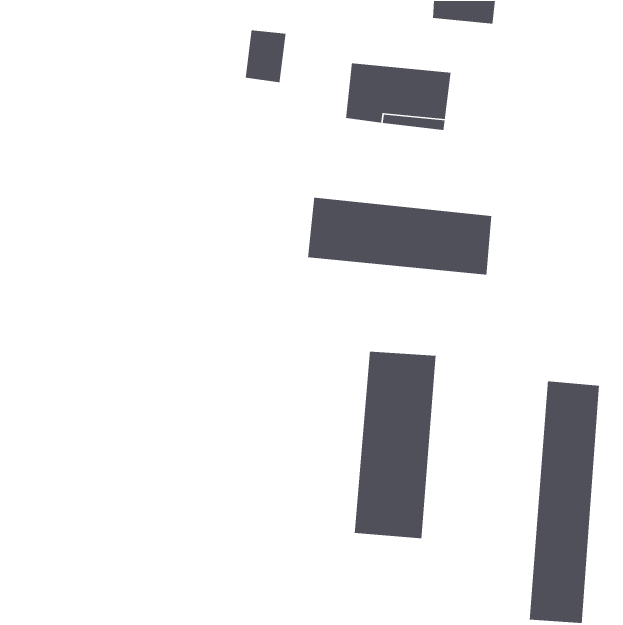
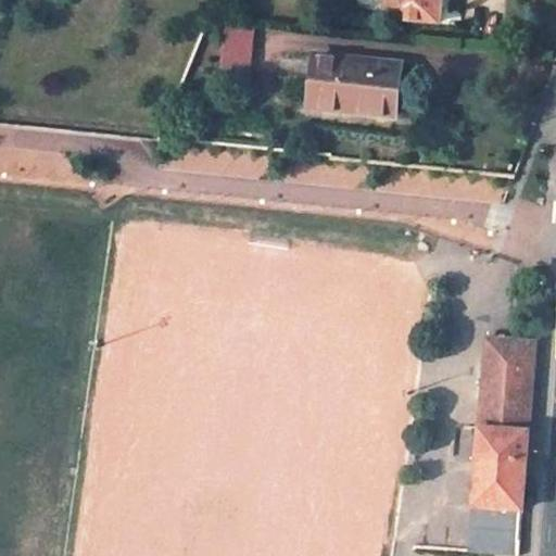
building: [307,197,492,275] -> none
building: [354,351,436,539] -> none

